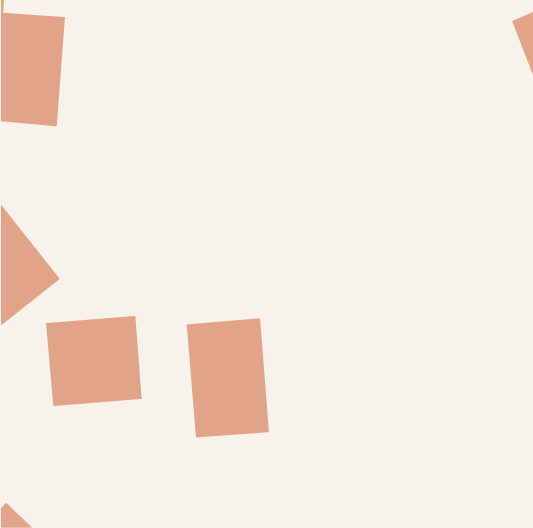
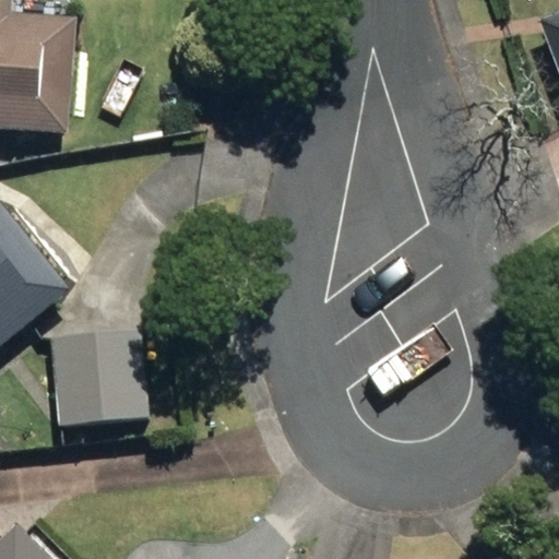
building: [186,317,270,438] -> none

